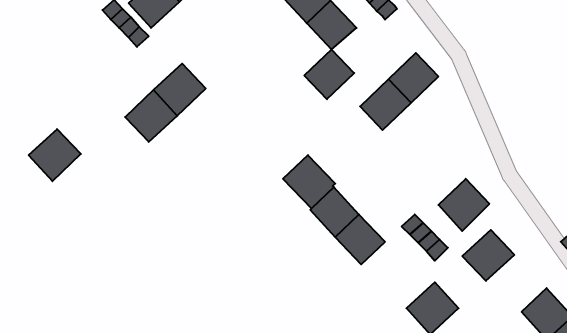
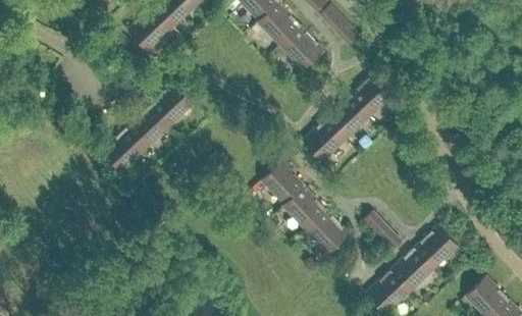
building: [304,49,354,99] -> [305,120,348,163]
building: [29,129,81,181] -> [102,129,147,174]
building: [438,179,489,231] -> [393,249,436,294]

